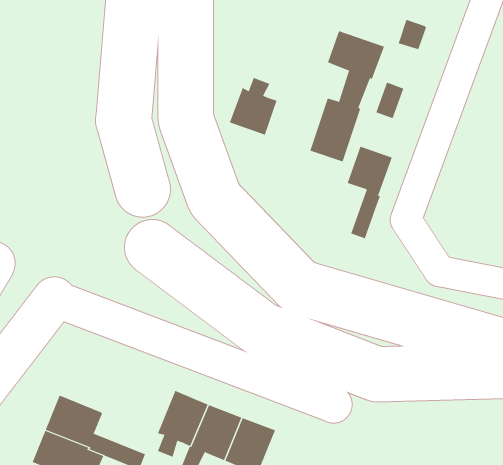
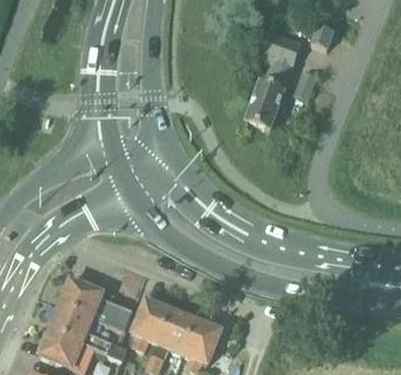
building: [229,77,277,135] -> none
building: [347,146,393,239] -> none
building: none -> [58,279,131,331]

